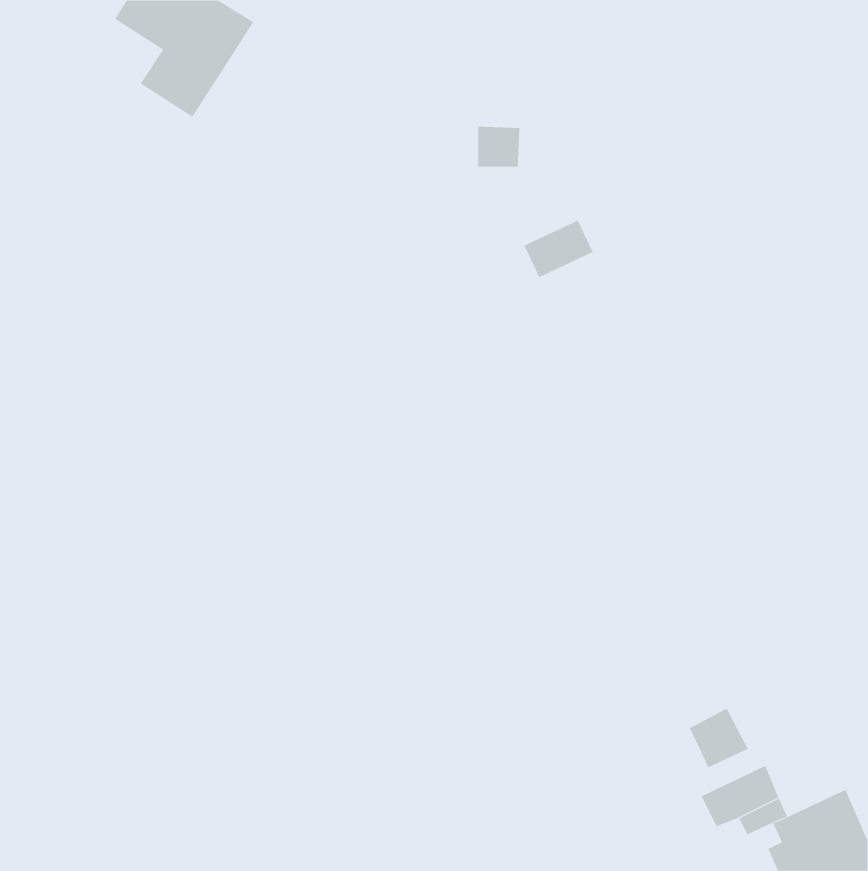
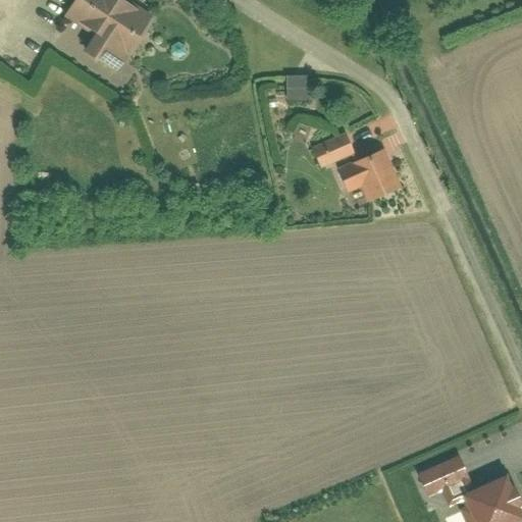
building: none -> [337,147,403,201]
building: [689,708,748,768] -> none

